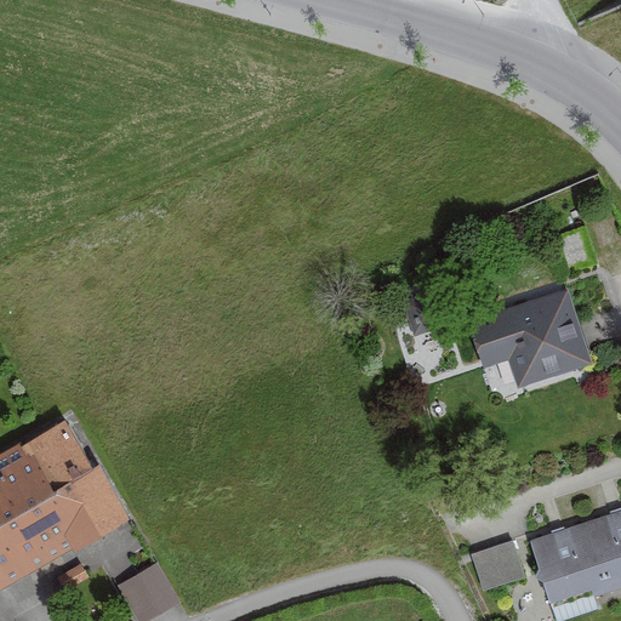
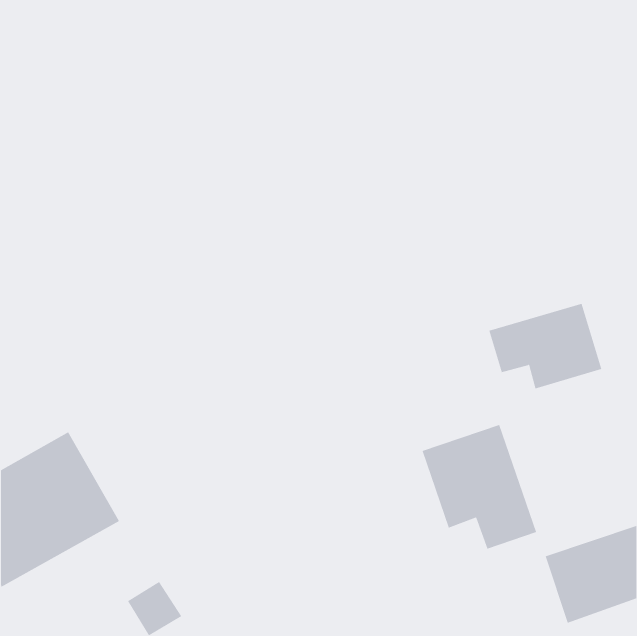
building: none -> [422,424,537,550]
building: [474,541,525,589] -> none

